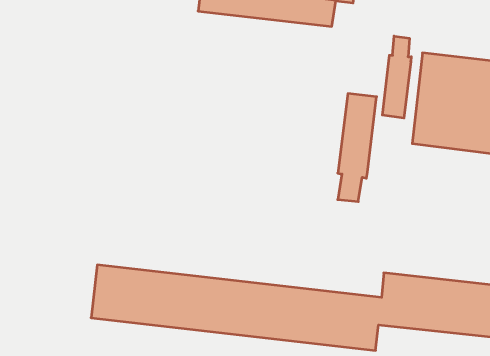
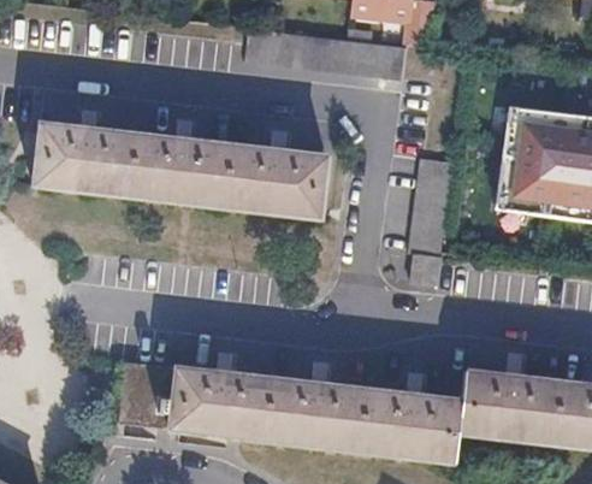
building: [382,36,411,118] -> none
building: none -> [34,120,325,218]

